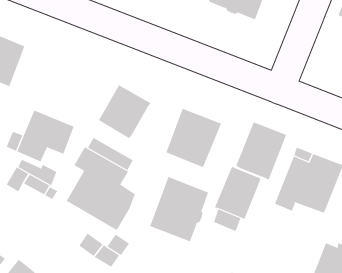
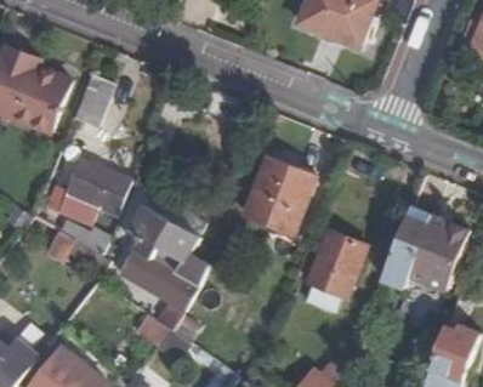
building: none -> [73,74,113,126]
building: [98,84,151,139] -> none
building: [236,122,287,181] -> none
building: [150,176,209,242] -> none

